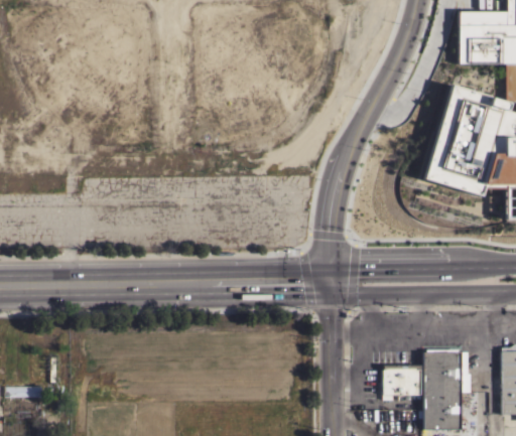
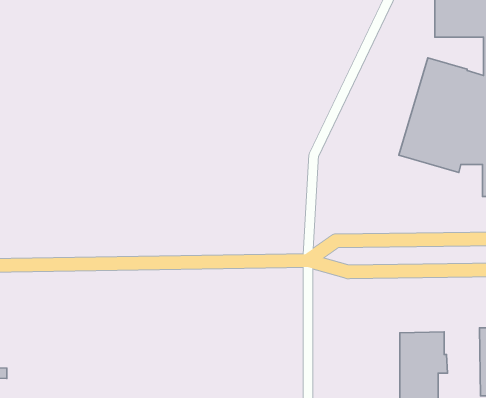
building: [384,365,422,400] -> none

